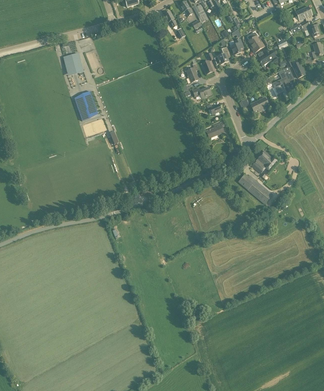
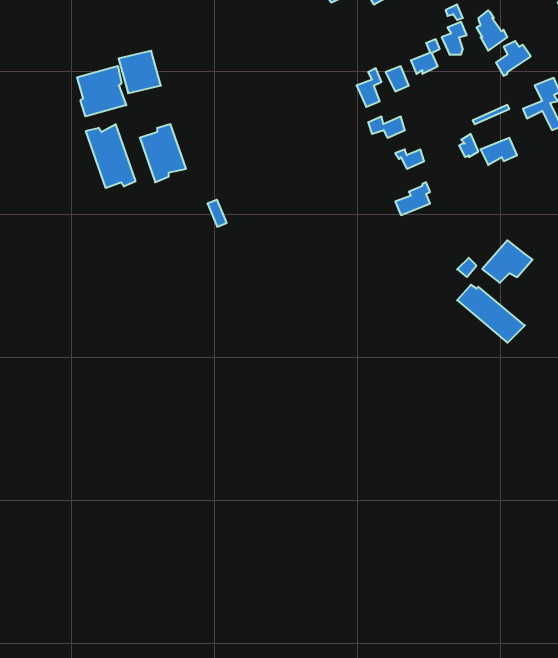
building: none -> [77,66,126,116]
building: none -> [86,124,135,188]

